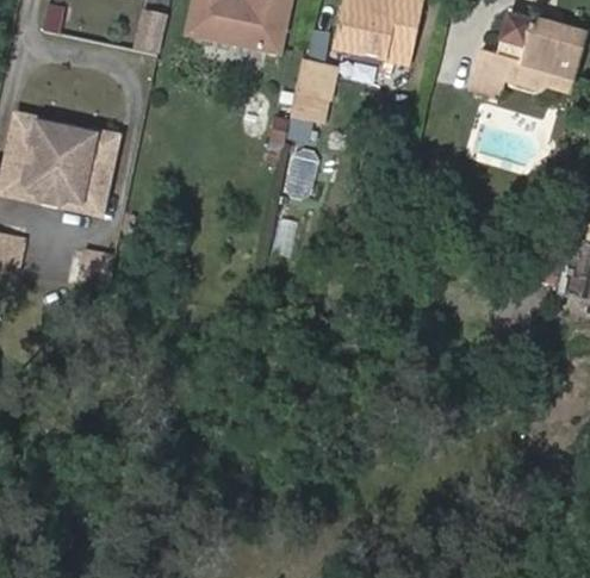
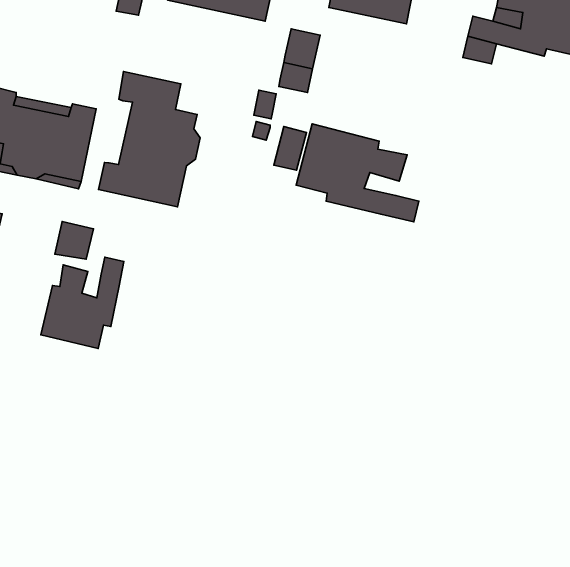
building: none -> [99,72,200,207]
building: none -> [296,124,419,222]
building: none -> [41,257,124,348]

